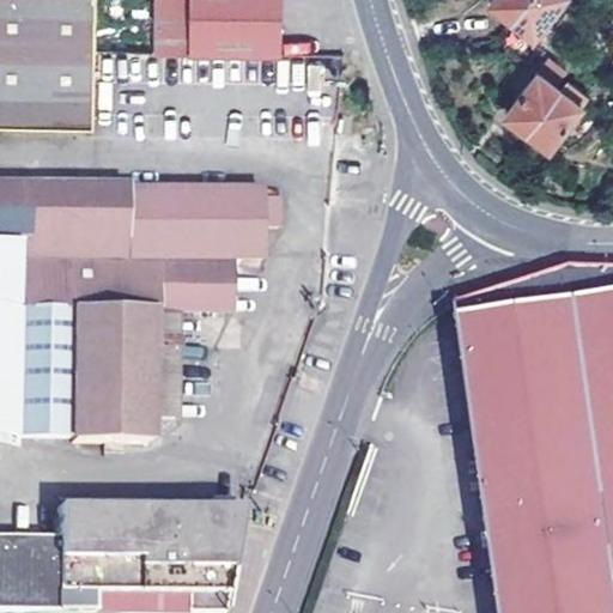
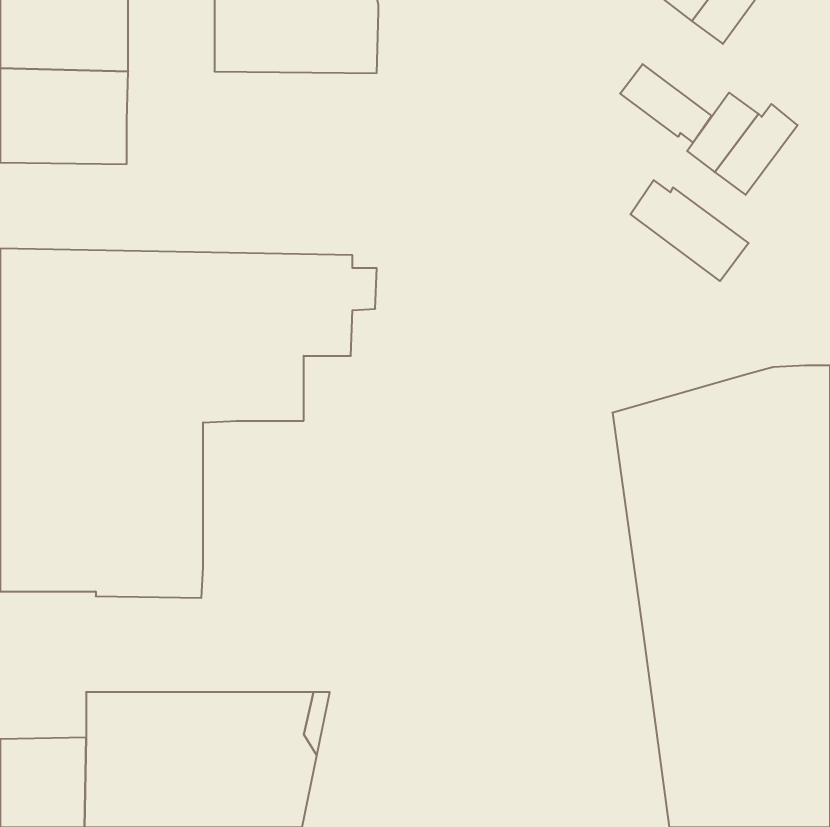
building: none -> [620,64,711,142]
building: none -> [630,180,749,281]
building: [150,310,175,418] -> none

